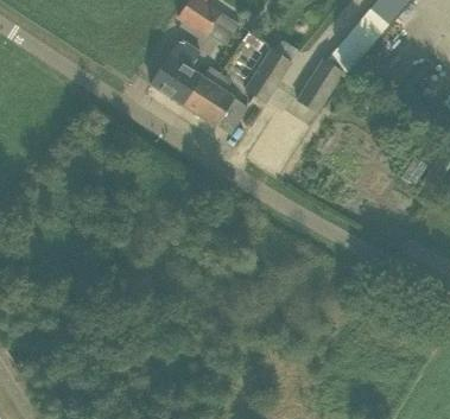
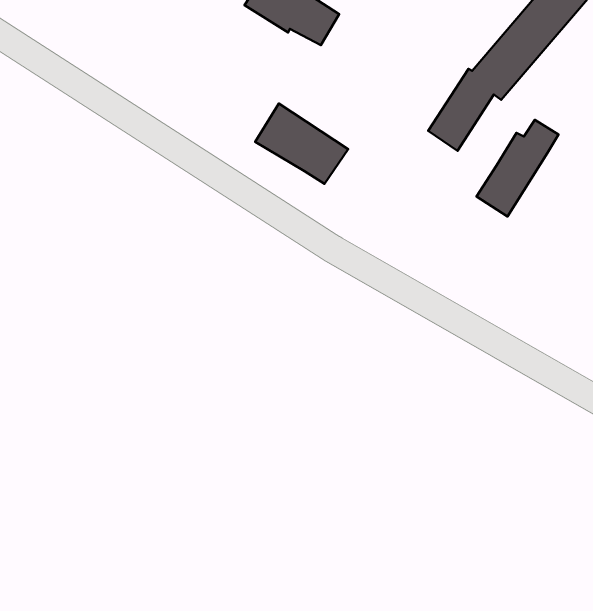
building: [151,38,203,104] -> none
building: [246,38,299,101] -> [477,120,559,217]

